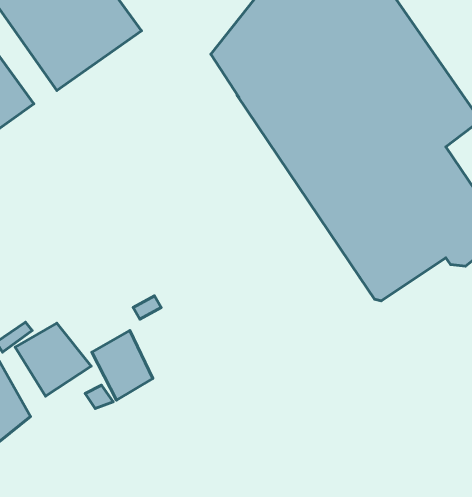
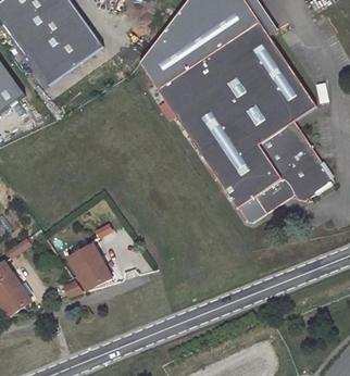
building: [15,323,91,396] -> none

